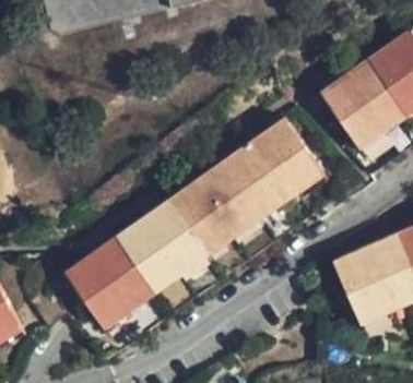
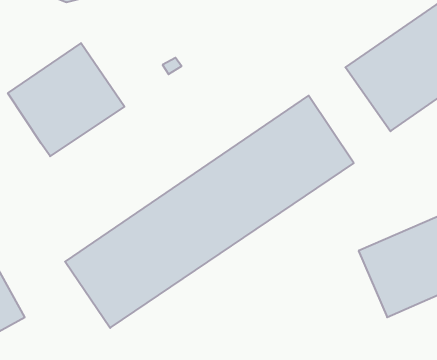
building: none -> [8,43,124,156]

